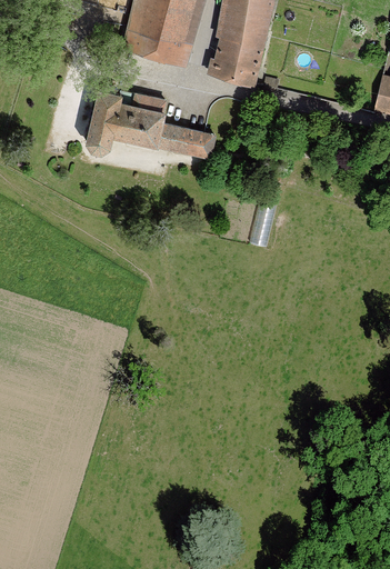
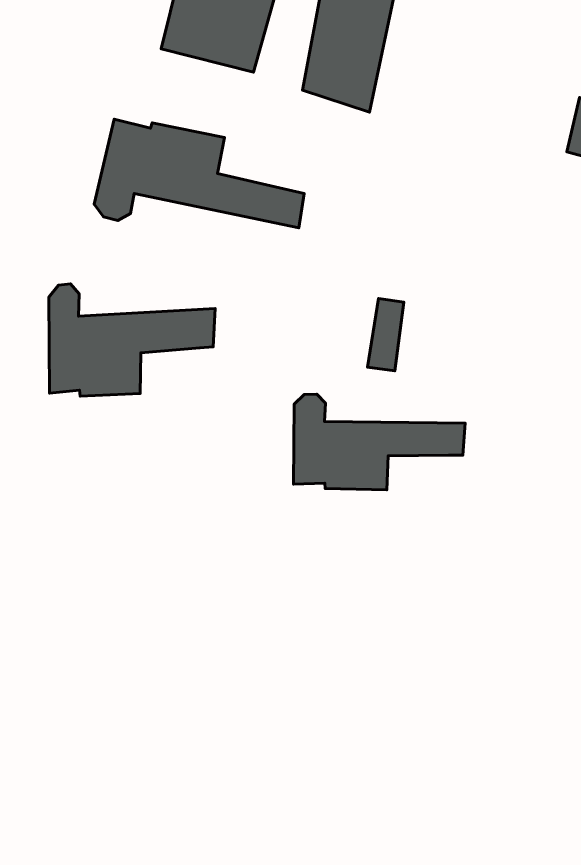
building: none -> [49,284,215,396]
building: none -> [293,394,465,490]

